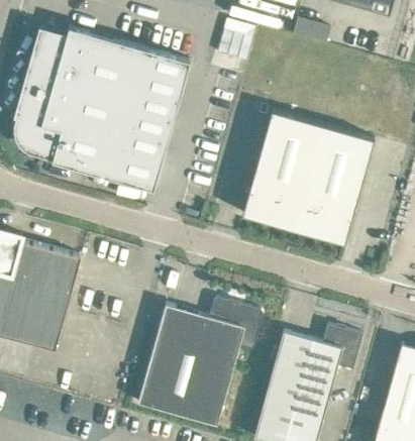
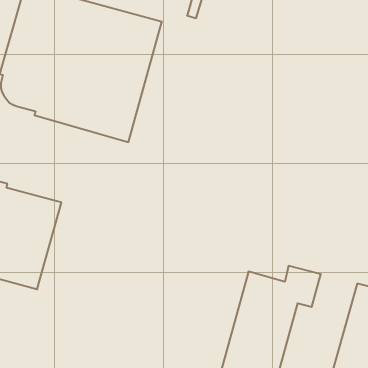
building: [241,111,374,244] -> none
building: [136,300,262,427] -> none

